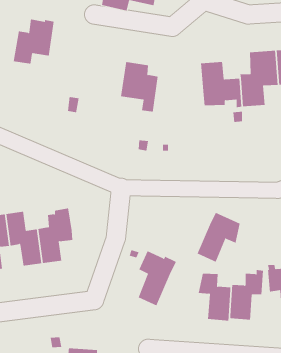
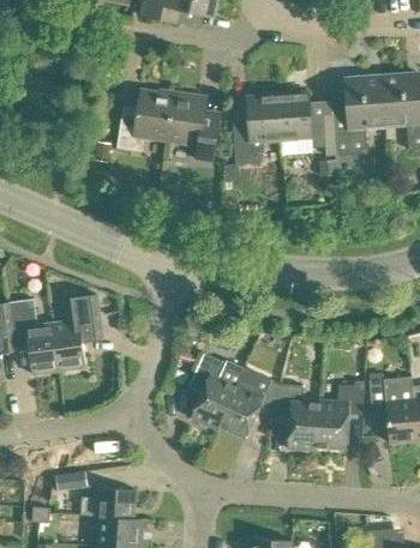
building: [13,19,55,64] -> [116,89,174,151]
building: none -> [233,95,281,164]
building: [195,212,241,263] -> [217,368,280,438]

